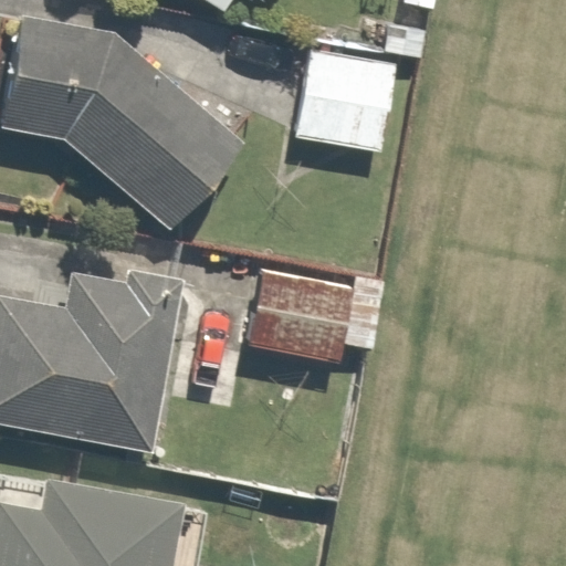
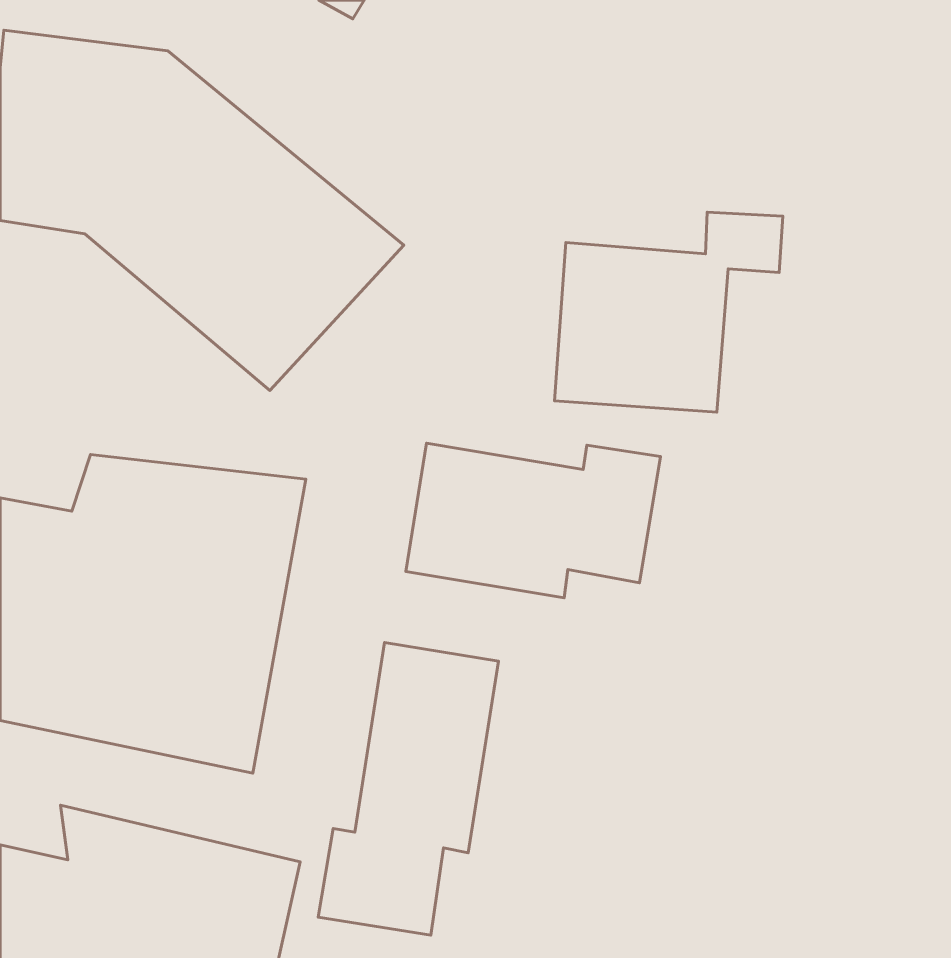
building: [294,23,428,140] -> [554,212,783,412]
building: none -> [318,643,499,935]

